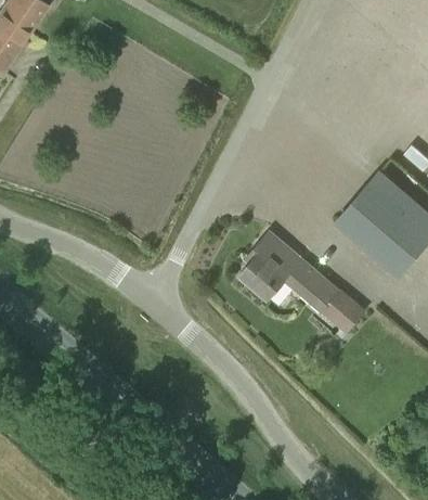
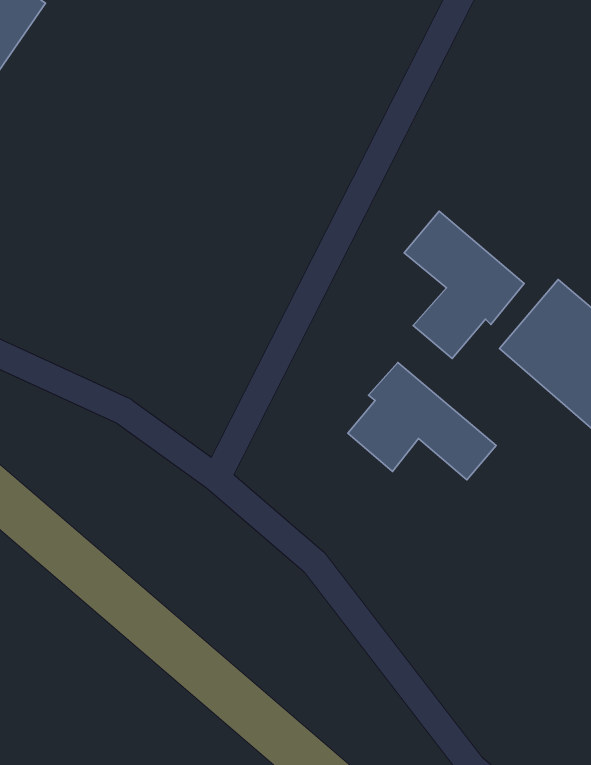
building: none -> [404,211,524,358]
building: [320,286,367,333] -> none

